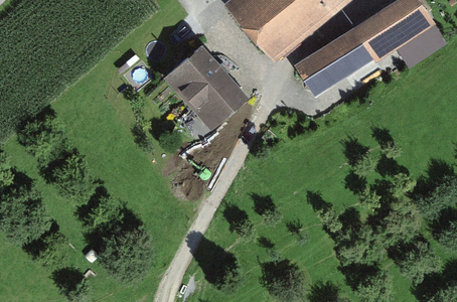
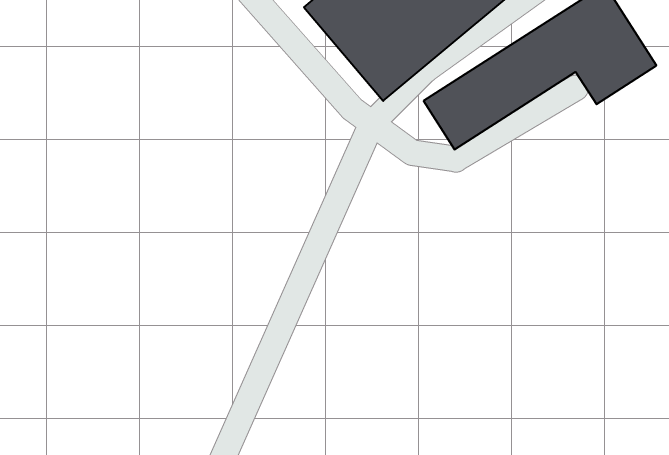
building: [163,44,247,129] -> none

